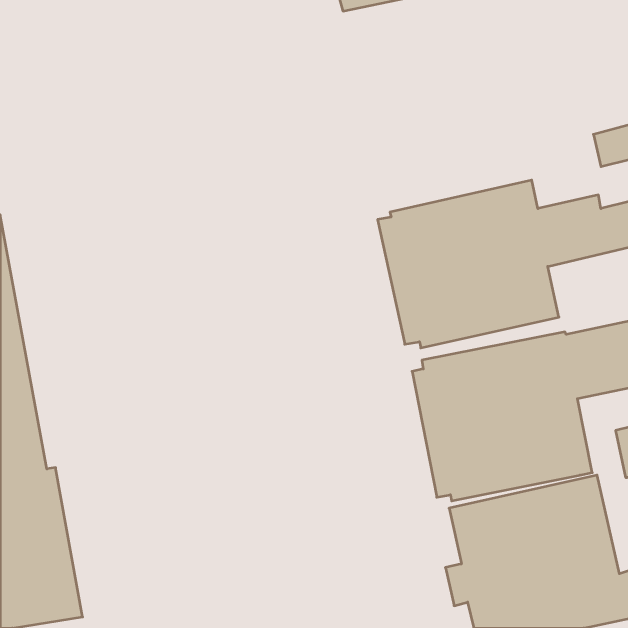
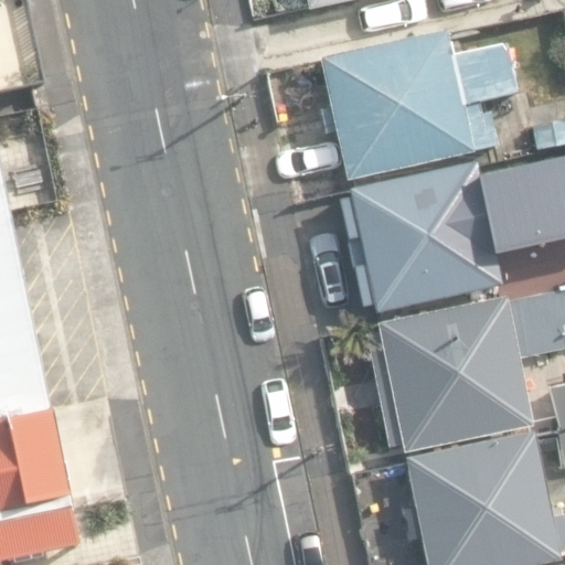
building: none -> [322,29,518,180]

